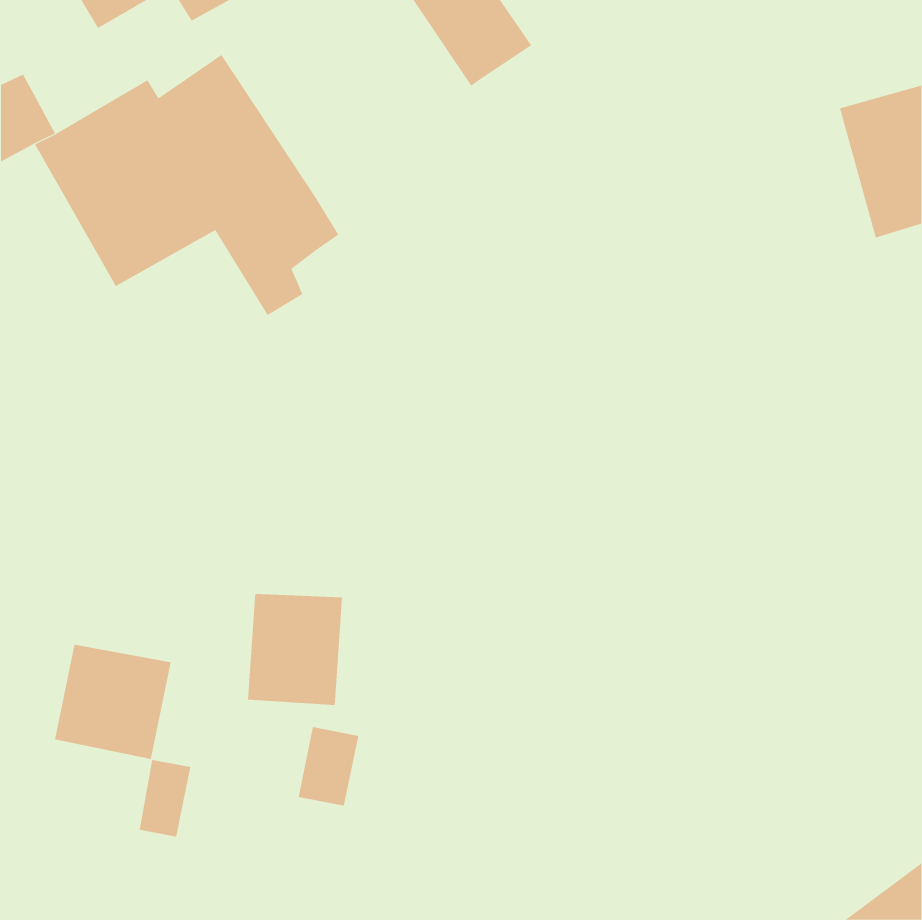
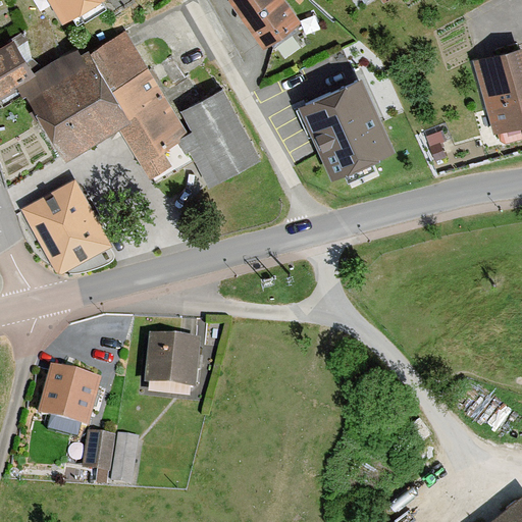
building: none -> [299,74,397,177]
building: none -> [178,90,261,190]
building: none -> [21,179,112,275]
building: [298,727,359,806] -> [100,433,135,478]

